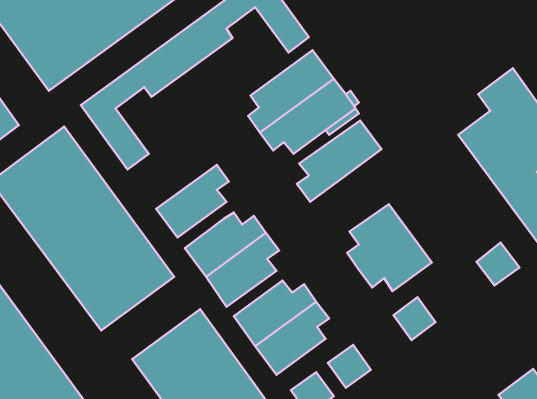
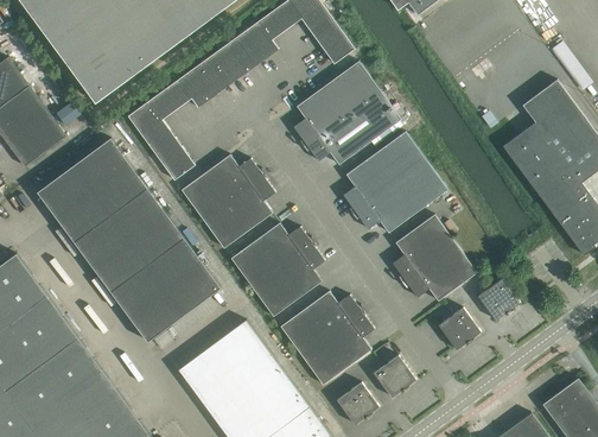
building: none -> [180,154,262,220]
building: none -> [355,160,446,233]
building: [476,243,519,286] -> [477,278,520,321]

